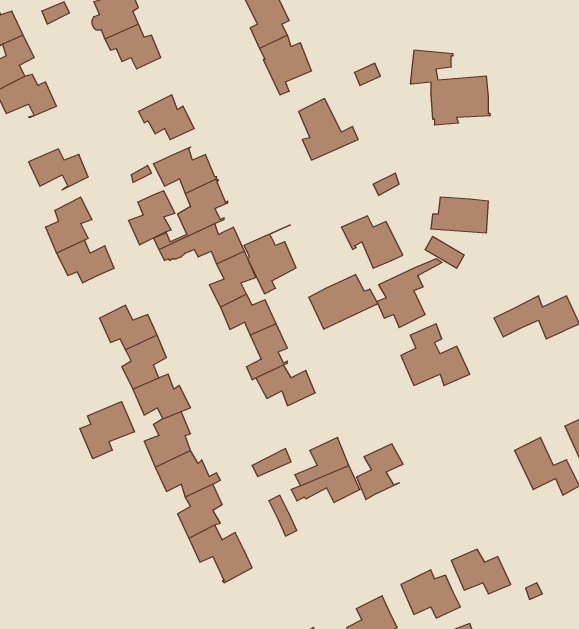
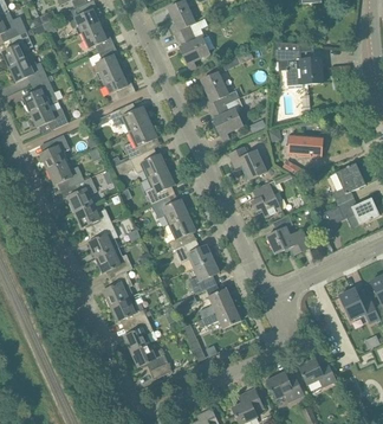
building: none -> [89,45,121,79]
building: none -> [22,76,54,111]
building: [128,191,175,245] -> [67,176,97,211]
building: [244,225,296,294] -> [209,97,242,141]
building: none -> [329,162,365,205]
building: [309,274,378,329] -> none
building: [80,402,135,459] -> none
building: [356,444,403,500] -> [189,258,219,294]

